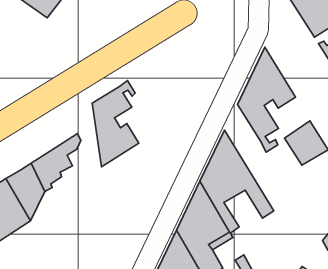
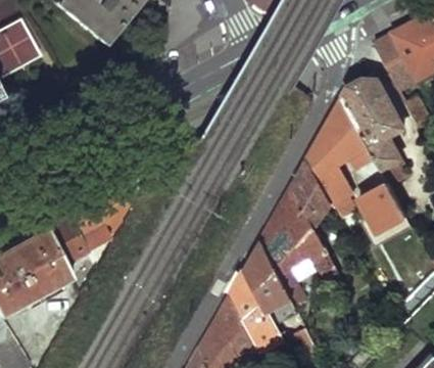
building: none -> [343,79,404,169]
building: [92,81,139,167] -> none
building: none -> [296,158,331,210]

